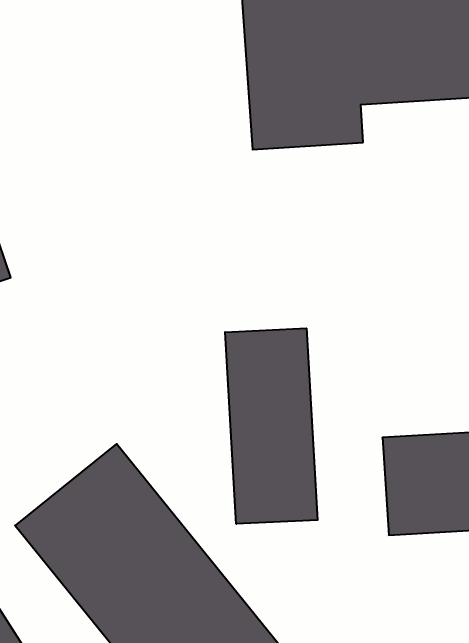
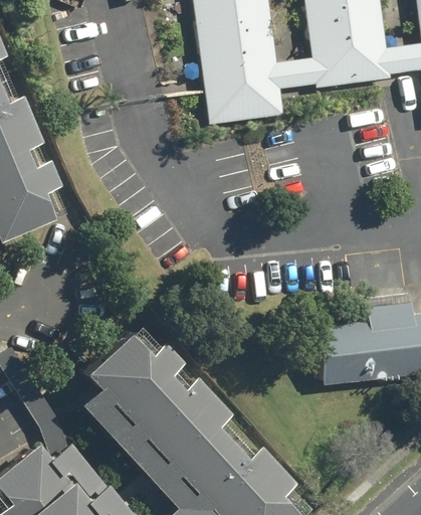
building: [225,328,318,524] -> none

